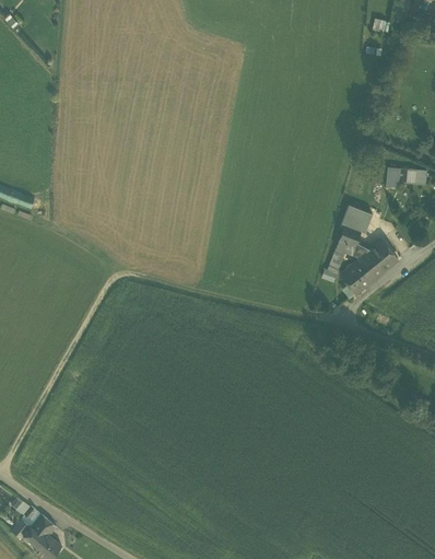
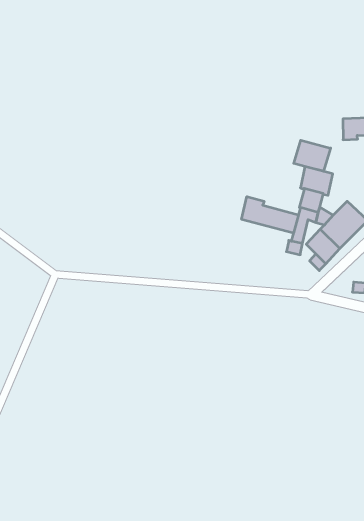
building: none -> [294,140,331,171]
building: none -> [242,197,299,233]

